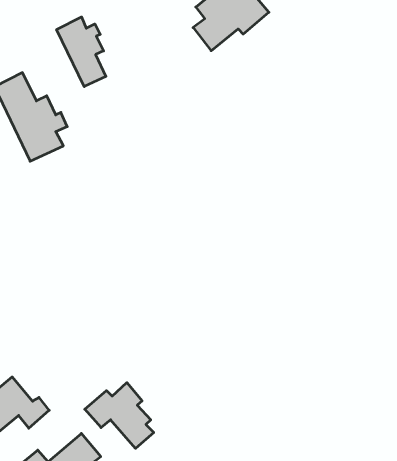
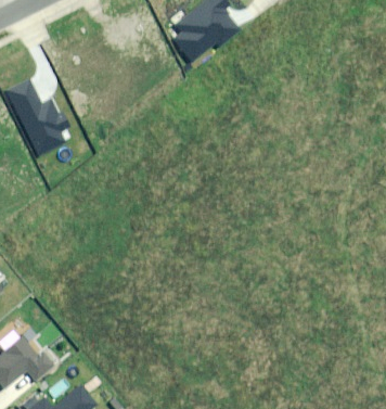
building: [57,17,106,87] -> none
building: [85,383,154,448] -> none

